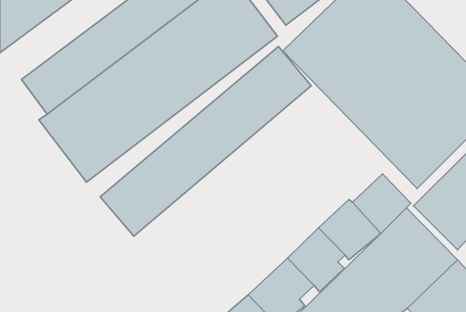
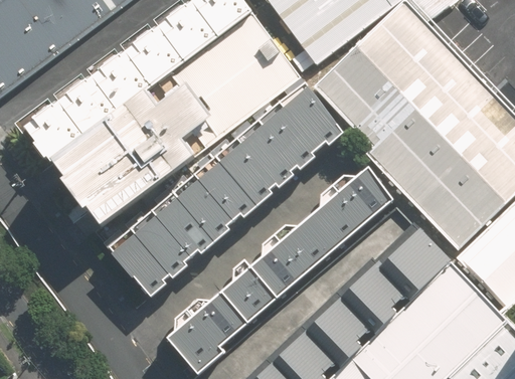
building: none -> [165,164,399,373]

